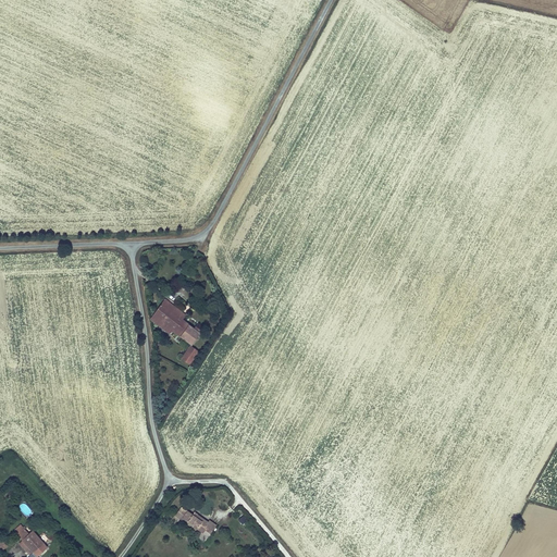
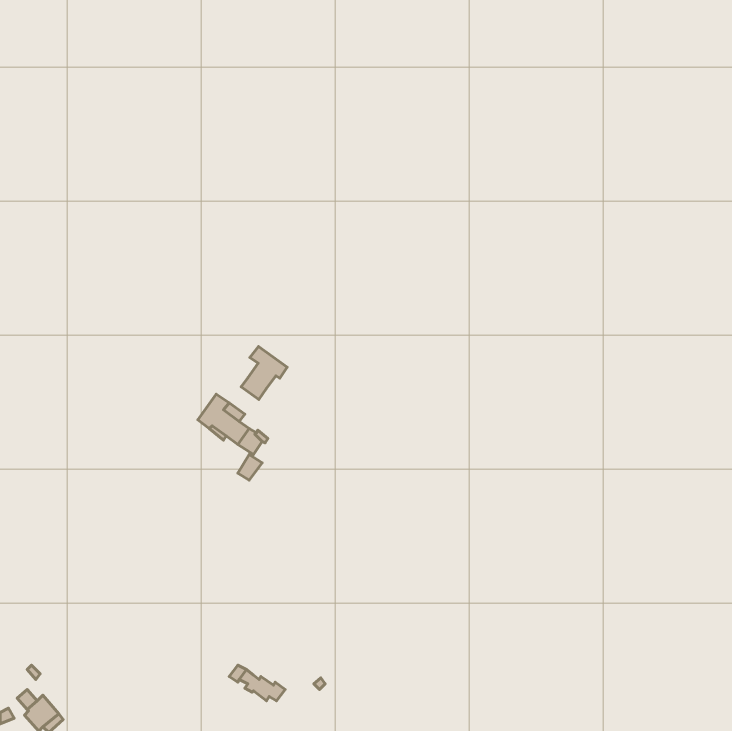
building: none -> [241,346,287,399]

